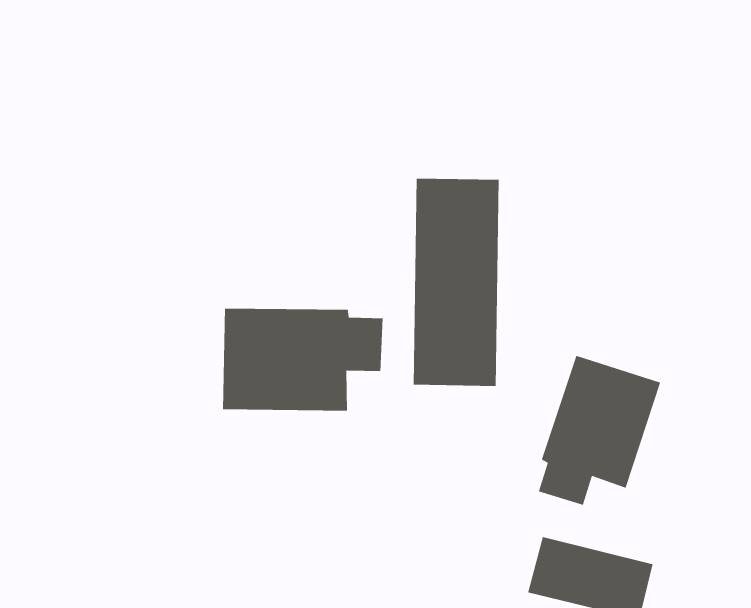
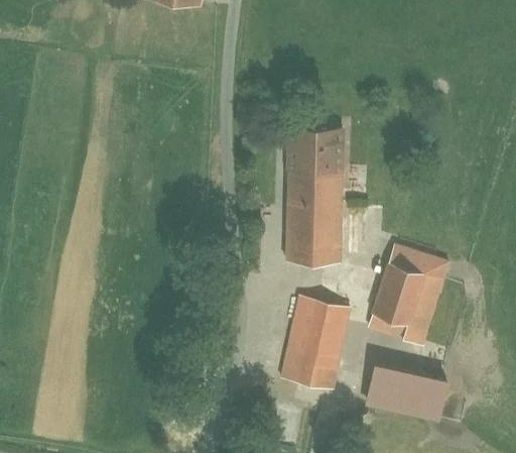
building: [222,308,383,412] -> none
building: none -> [279,295,354,392]

